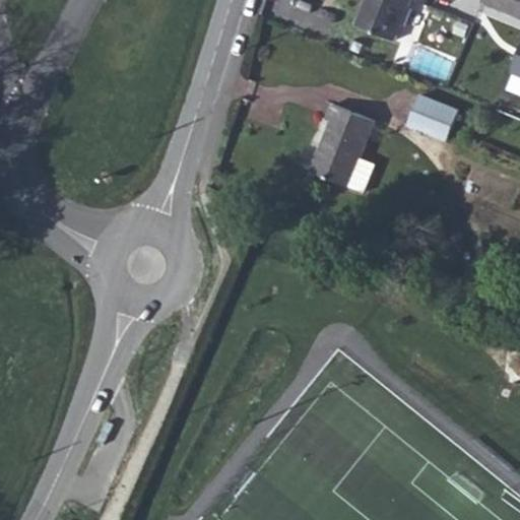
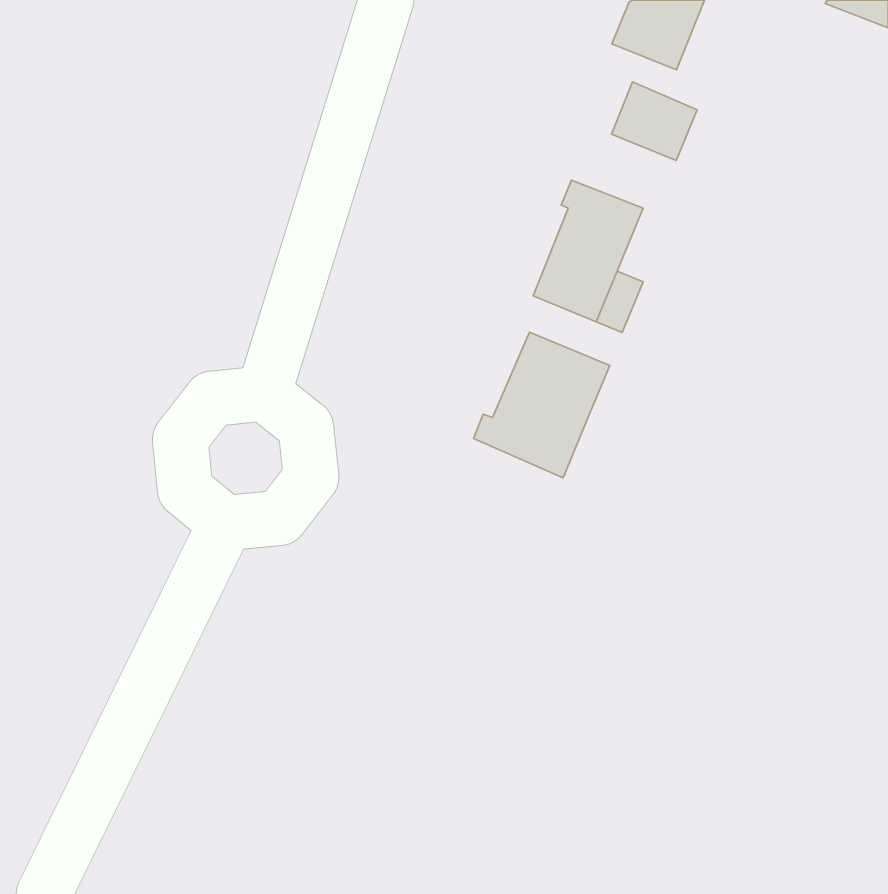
building: [407,94,457,140] -> [612,82,697,160]
building: none -> [473,332,610,478]

